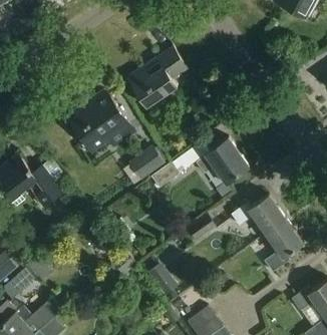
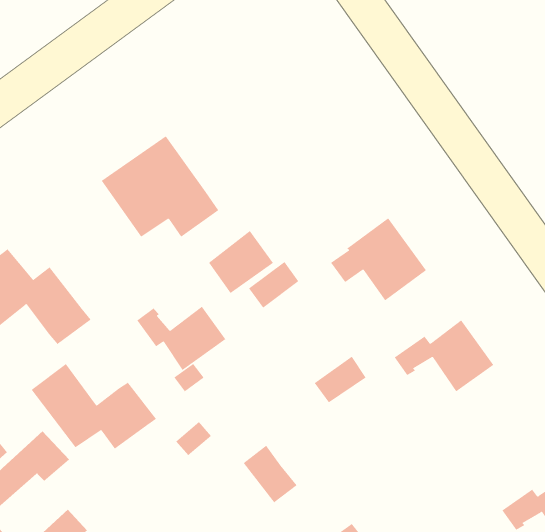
building: [127,46,188,107] -> none
building: none -> [136,306,226,371]
building: none -> [31,363,157,449]
building: [263,219,303,272] -> none

